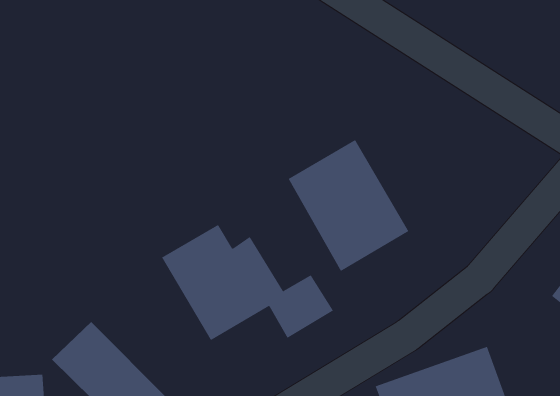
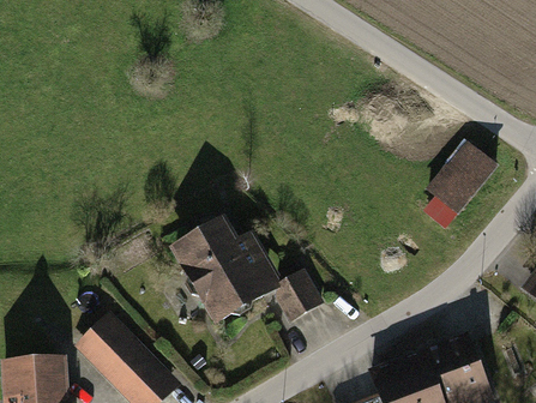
building: none -> [428,139,495,210]
building: [288,139,409,272] -> none

